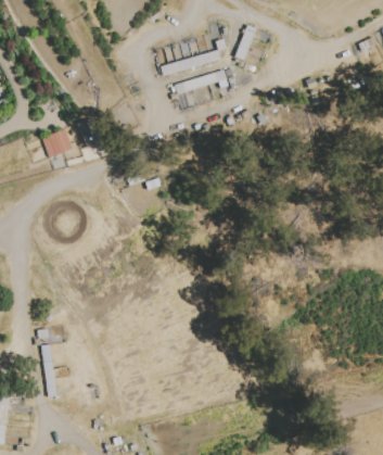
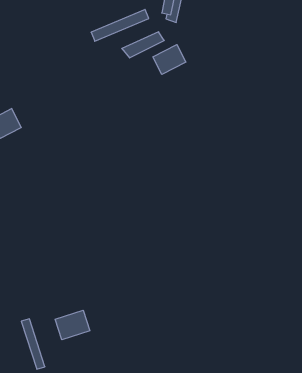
building: none -> [153,45,186,74]
building: none -> [55,310,90,340]

